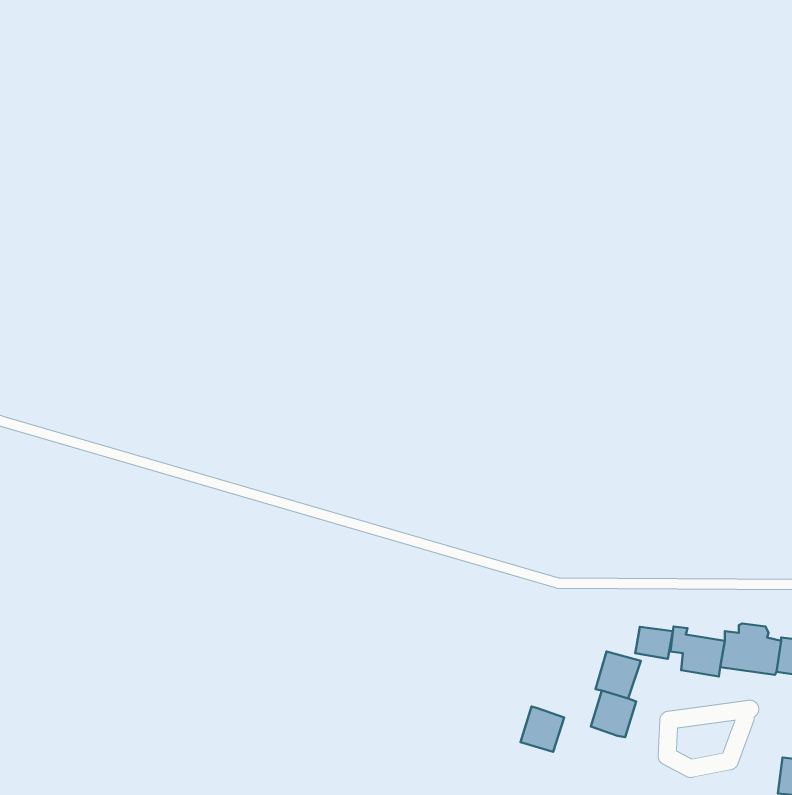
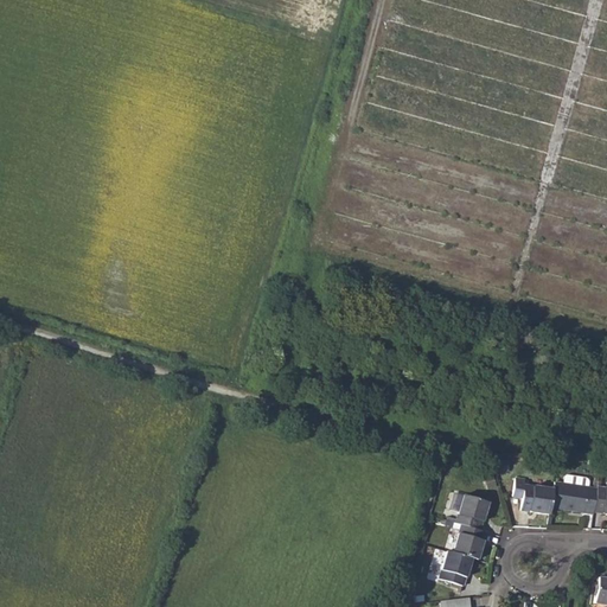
building: [635,627,673,659] -> none
building: [521,706,564,752] -> [440,551,473,586]

